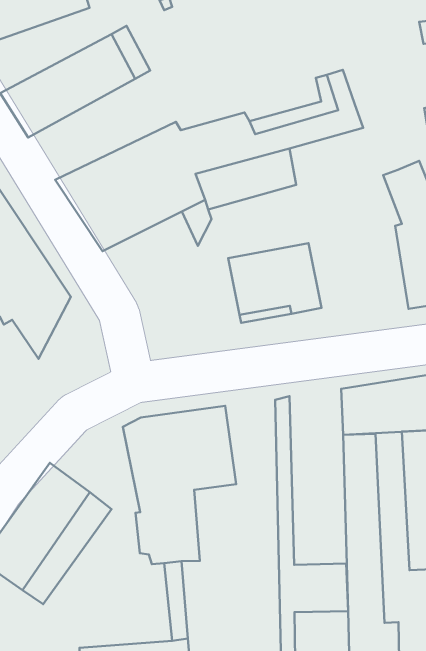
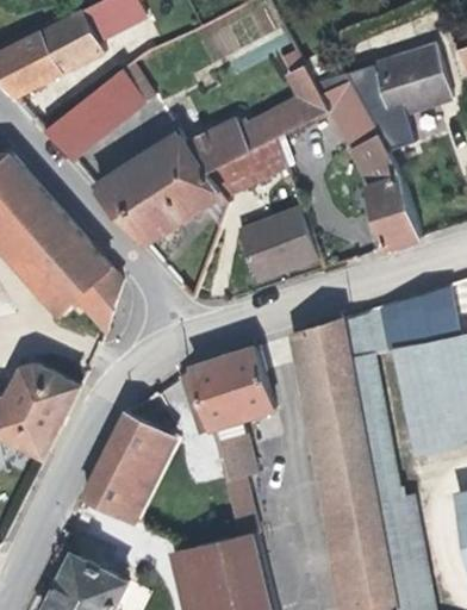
building: none -> [318,82,375,143]
building: none -> [303,320,367,463]

